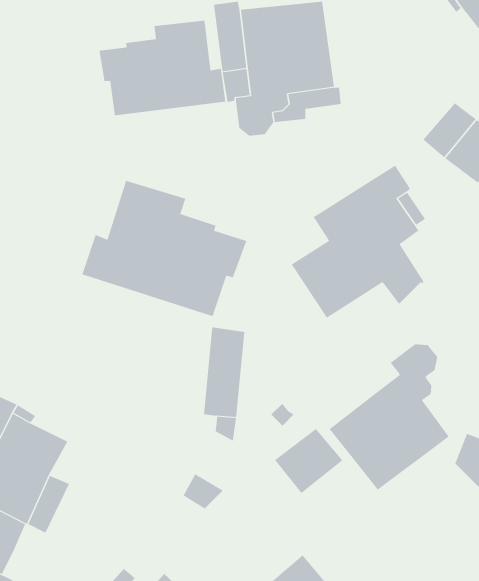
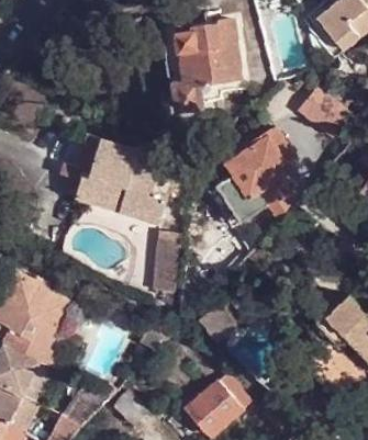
building: [99,20,226,116] -> none
building: [329,344,449,490] -> none

